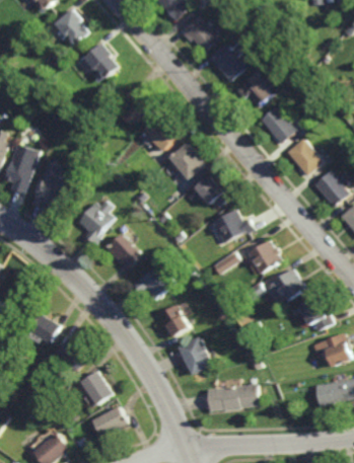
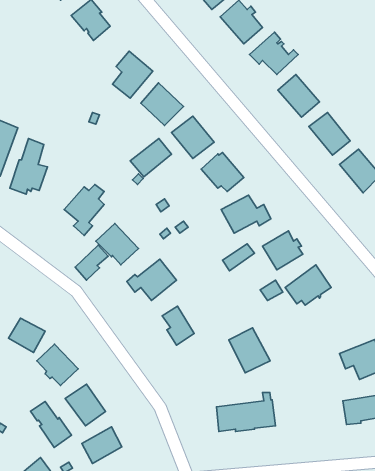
building: none -> [130,139,172,177]
building: none -> [75,245,108,280]
building: [299,299,331,330] -> none
building: [176,337,212,376] -> [229,328,270,373]
building: none -> [30,401,72,447]

